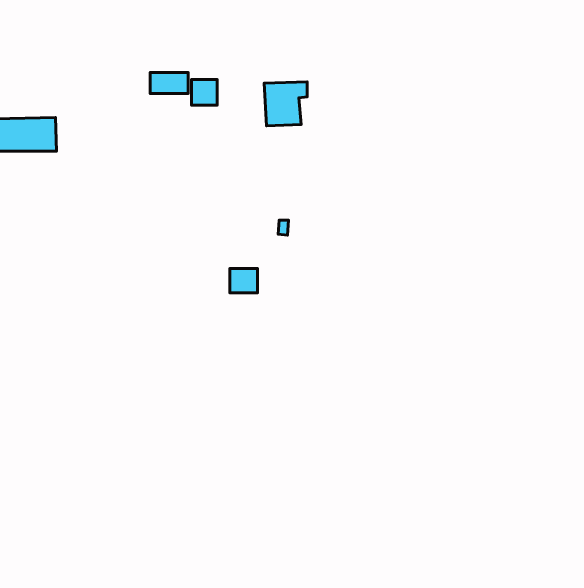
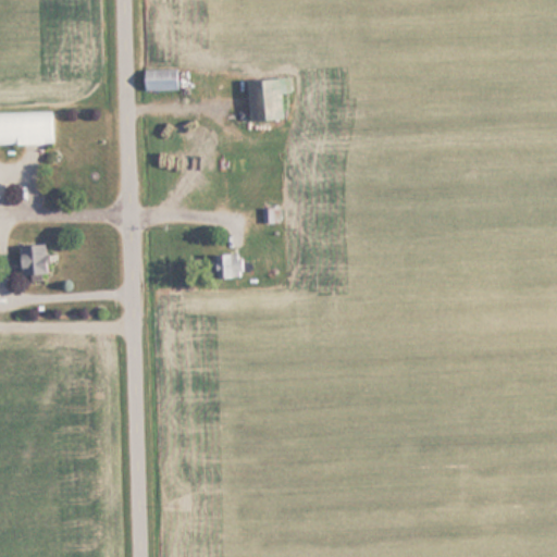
building: [192,79,217,105] -> none
building: none -> [20,245,48,276]

